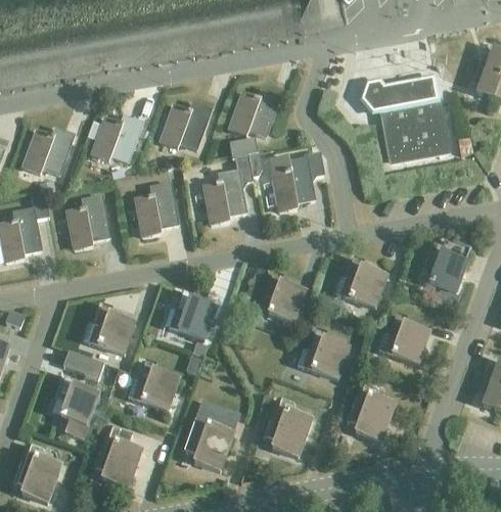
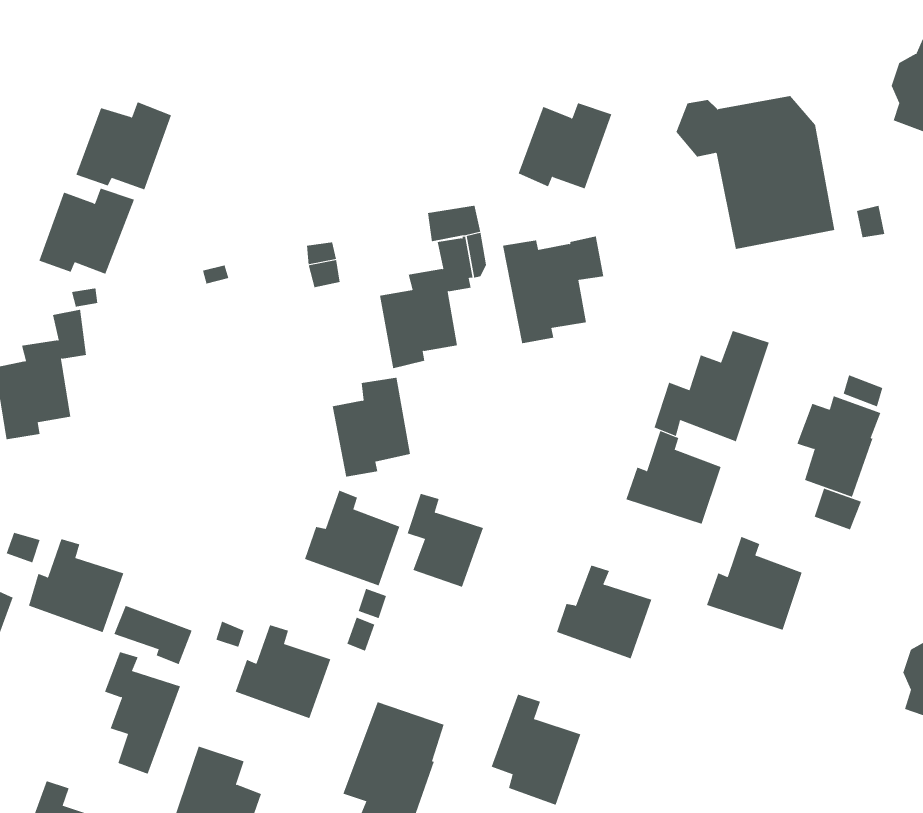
building: [229,90,279,136] -> [518,102,612,189]
building: [160,102,211,148] -> none
building: [91,114,142,161] -> [76,102,172,190]
building: [135,183,177,236] -> [332,377,411,477]
building: [66,195,108,248] -> none
building: none -> [654,330,770,442]
building: [265,272,306,322] -> [407,493,484,587]
building: [84,304,135,354] -> [28,539,124,633]
building: [346,381,395,440] -> none

